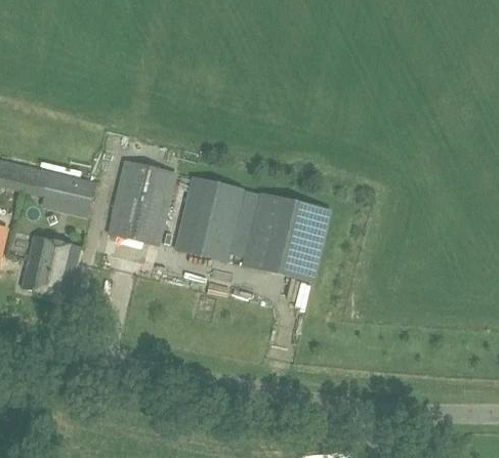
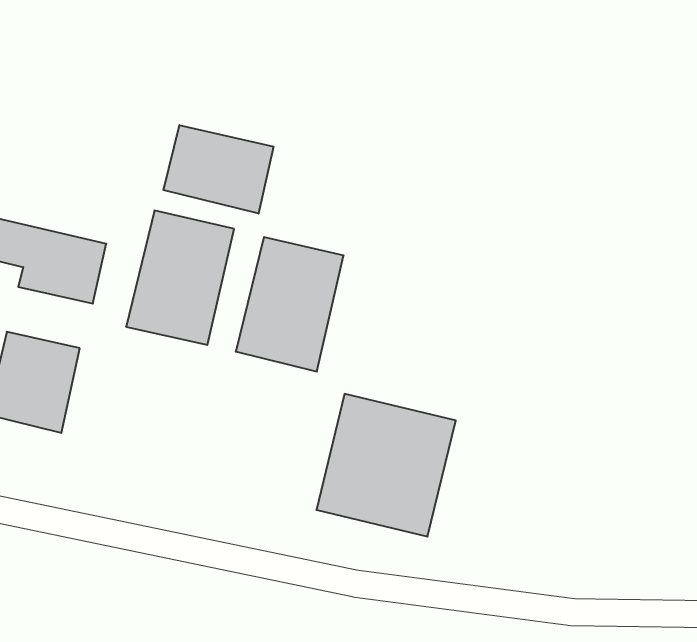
building: none -> [163,125,273,214]
building: [243,192,329,280] -> [316,394,456,537]

